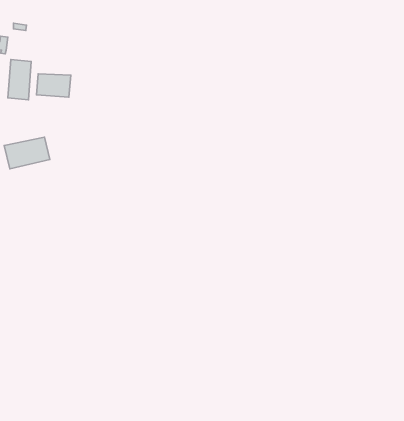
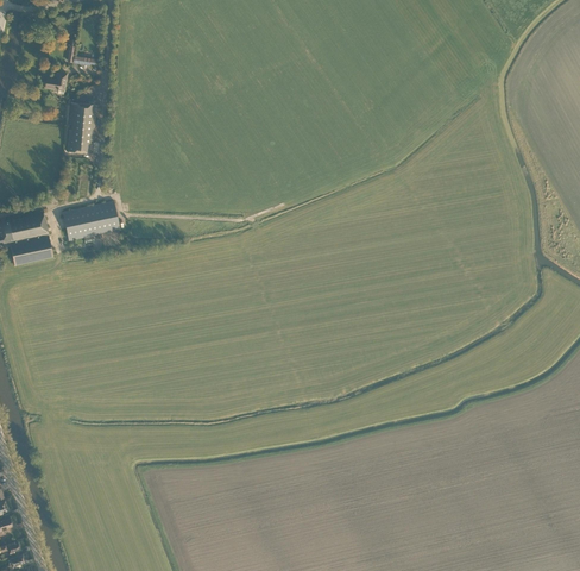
building: [36,74,71,97] -> none

